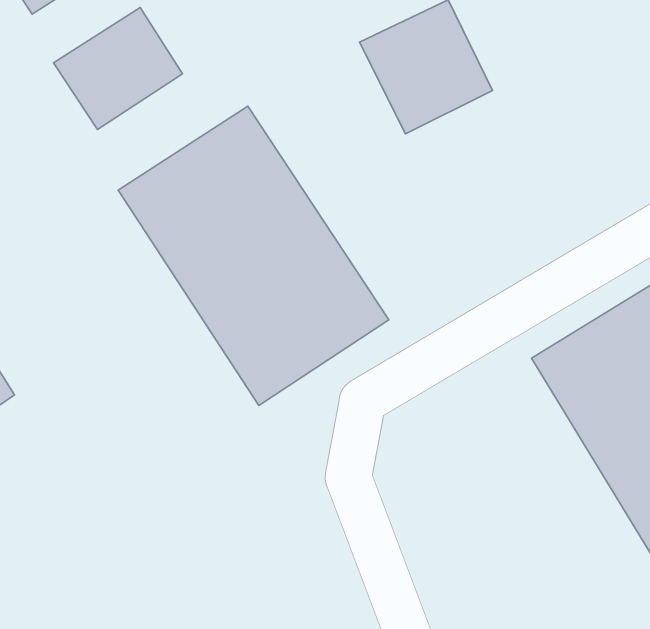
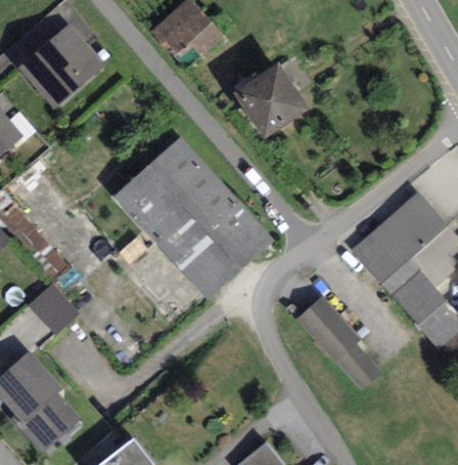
building: [53,8,183,129] -> none
building: none -> [296,295,380,390]

